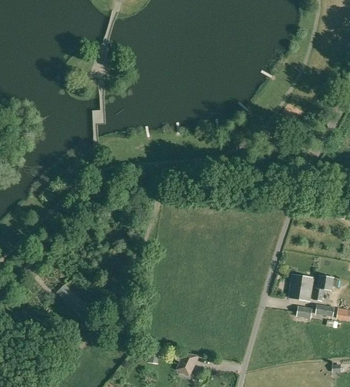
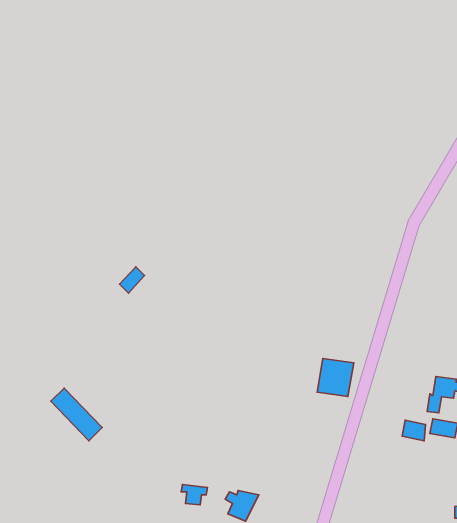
building: [288,276,313,302] -> [317,359,354,397]

